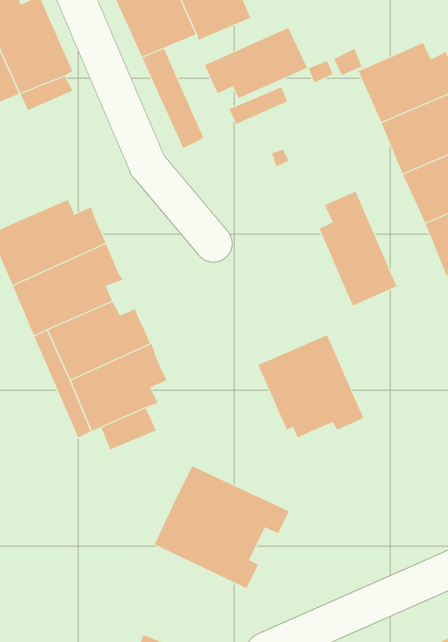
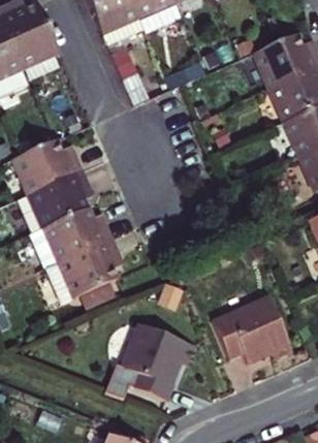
building: [204,27,308,99] -> none
building: [319,191,397,307] -> none
building: [258,334,364,438] -> [215,293,287,363]

